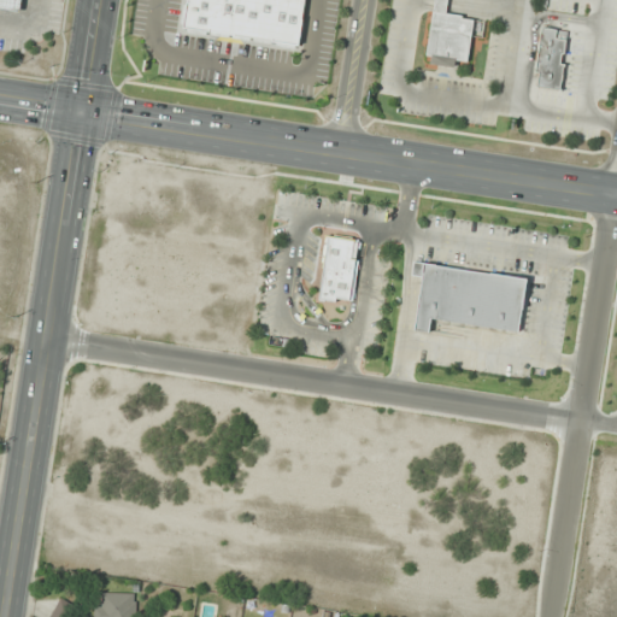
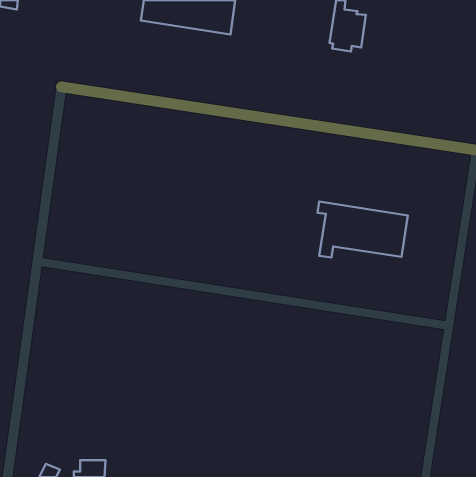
building: [536,27,566,90] -> none
building: [318,235,358,301] -> none

